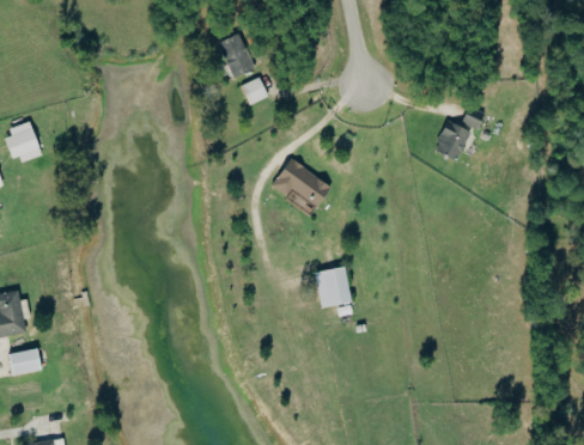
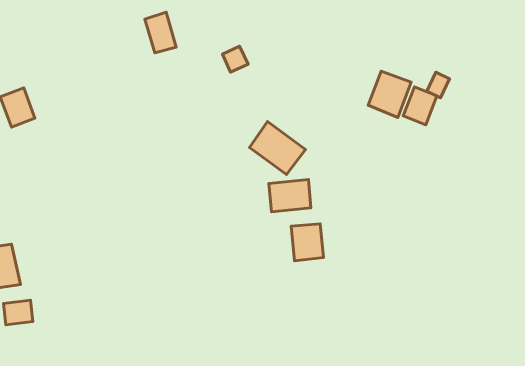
building: [220,33,254,77] -> [145,12,176,53]
building: none -> [368,71,411,117]
building: none -> [269,180,311,212]

